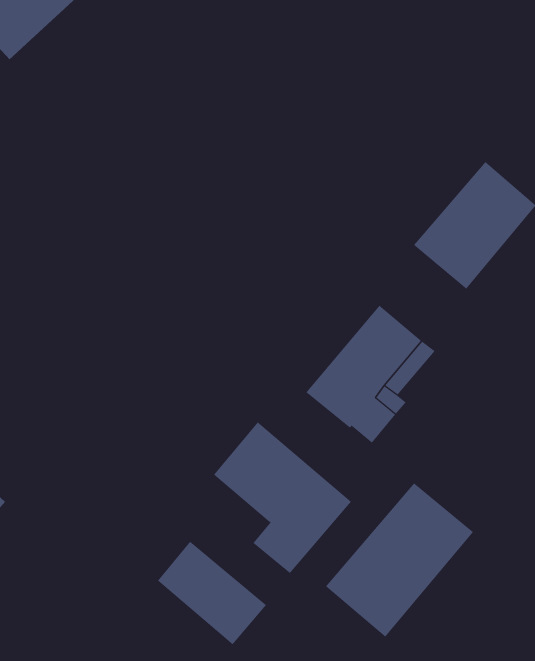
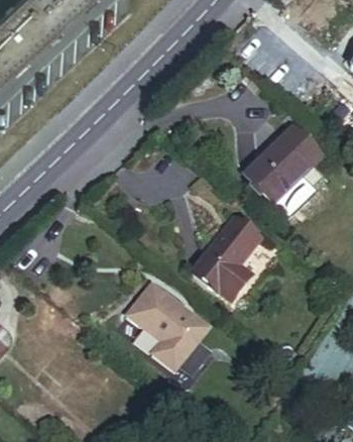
building: [325,483,474,638] -> none
building: [157,541,267,645] -> none

